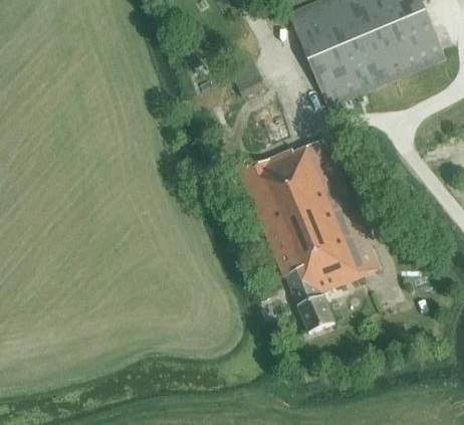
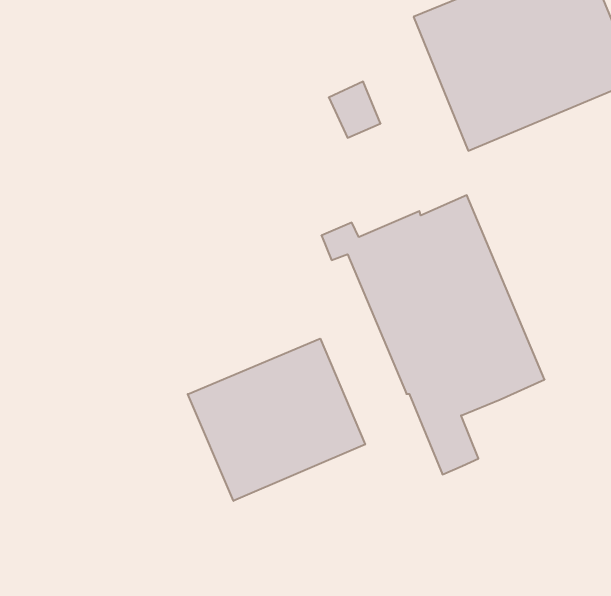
building: none -> [188,339,365,501]

